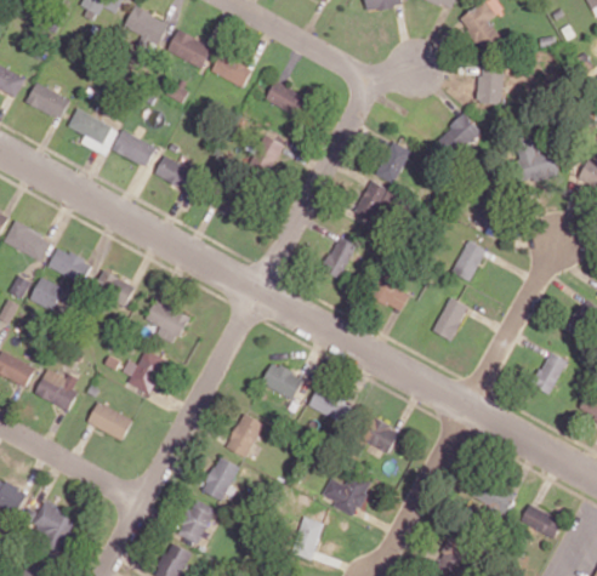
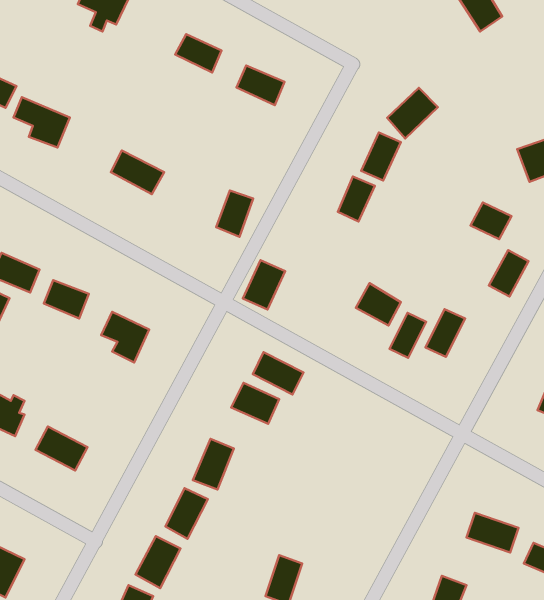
building: [167,29,214,67] -> none
building: [478,67,504,103] -> none
building: [436,114,481,159] -> [387,88,438,138]
building: [112,129,157,167] -> none
building: [250,135,283,176] -> [216,190,253,237]
building: [322,236,359,280] -> [243,260,285,309]
building: [451,240,487,281] -> [489,250,529,297]
building: none -> [389,313,426,358]
building: [123,349,165,393] -> none
building: [308,387,353,424] -> [253,352,303,395]
building: [359,416,400,452] -> none
building: [323,473,371,517] -> none

